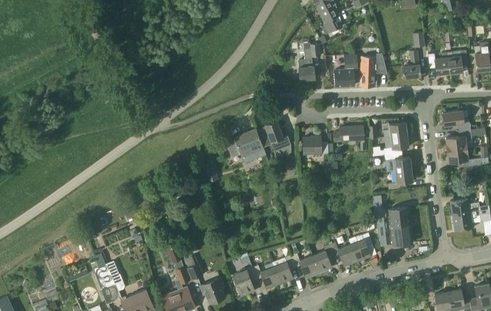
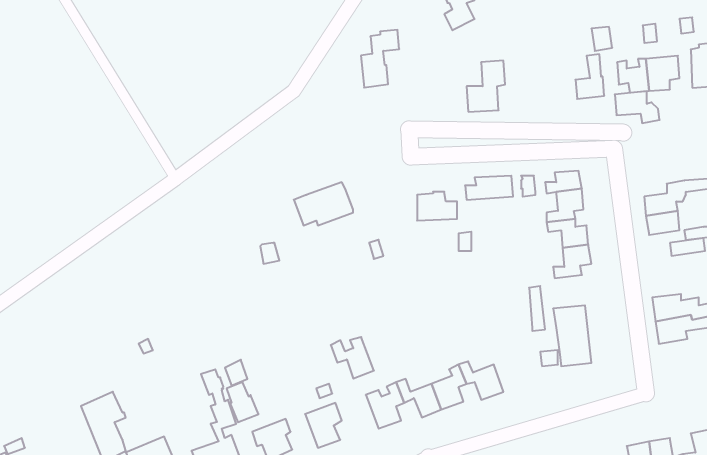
building: [297,44,321,80] -> [361,30,399,88]
building: [360,53,387,86] -> none
building: [442,111,470,131] -> [615,91,660,123]
building: [258,118,291,148] -> none
building: [349,233,373,261] -> none
building: [252,263,279,289] -> [331,337,374,379]

